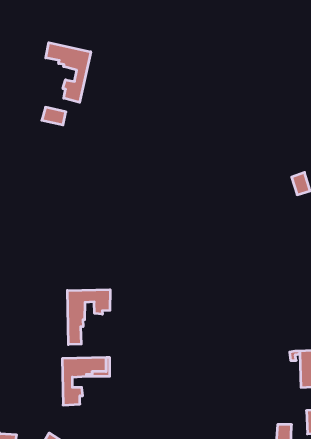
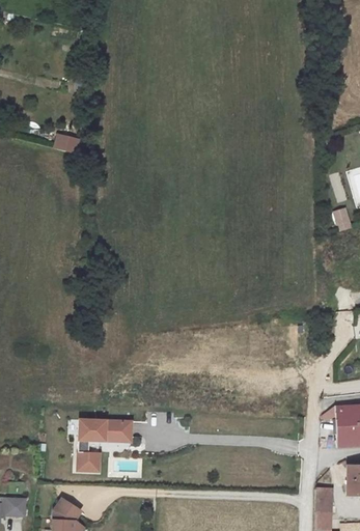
building: [46,43,91,102] -> none
building: [67,290,110,345] -> none

